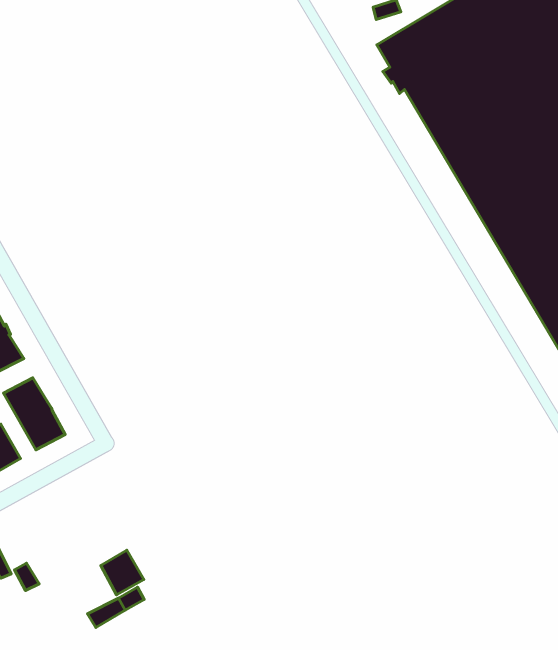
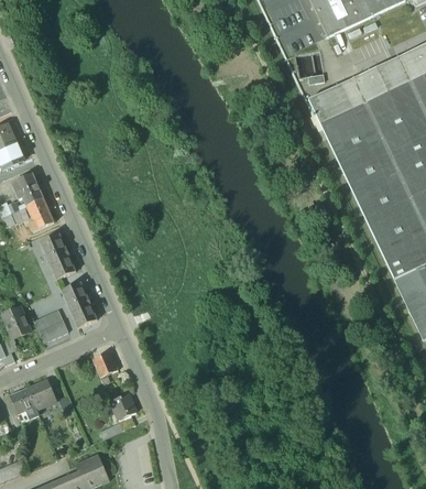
building: none -> [92,349,119,382]

